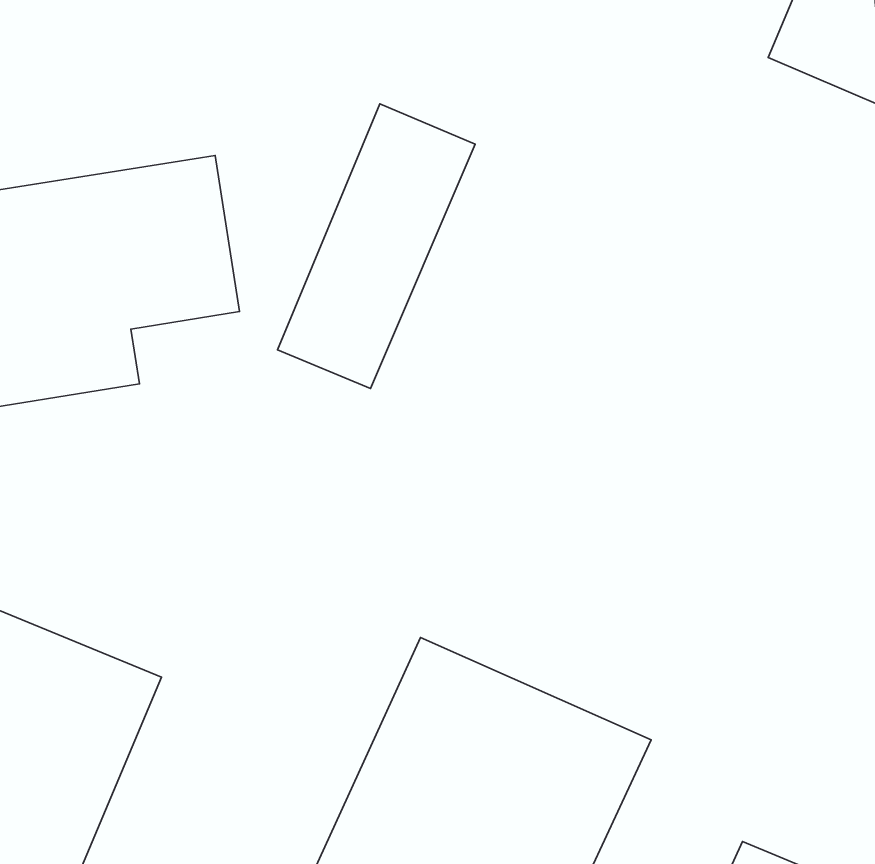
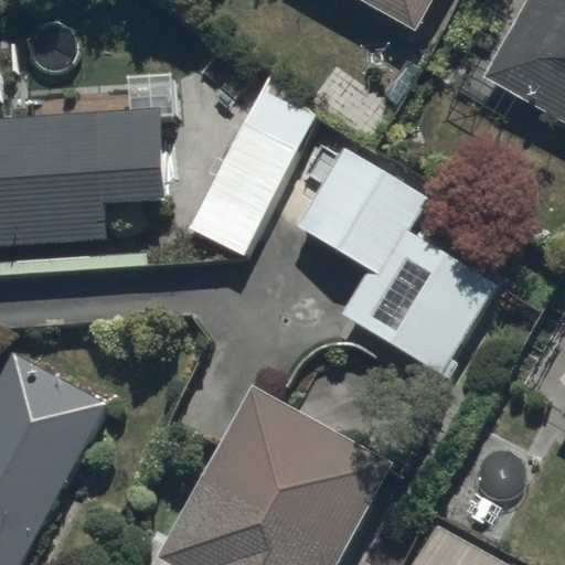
building: none -> [299,148,497,367]

